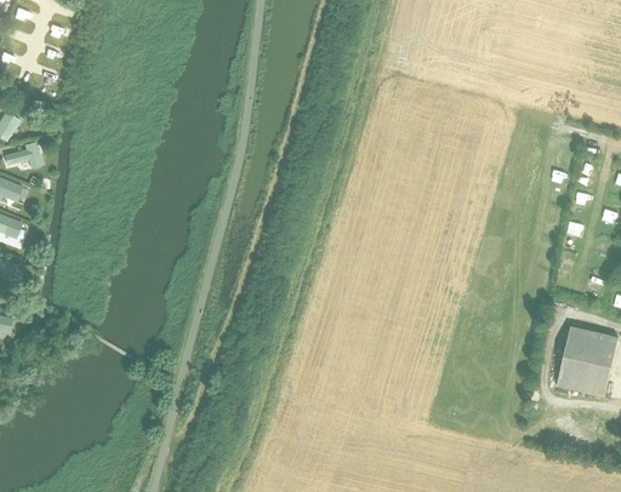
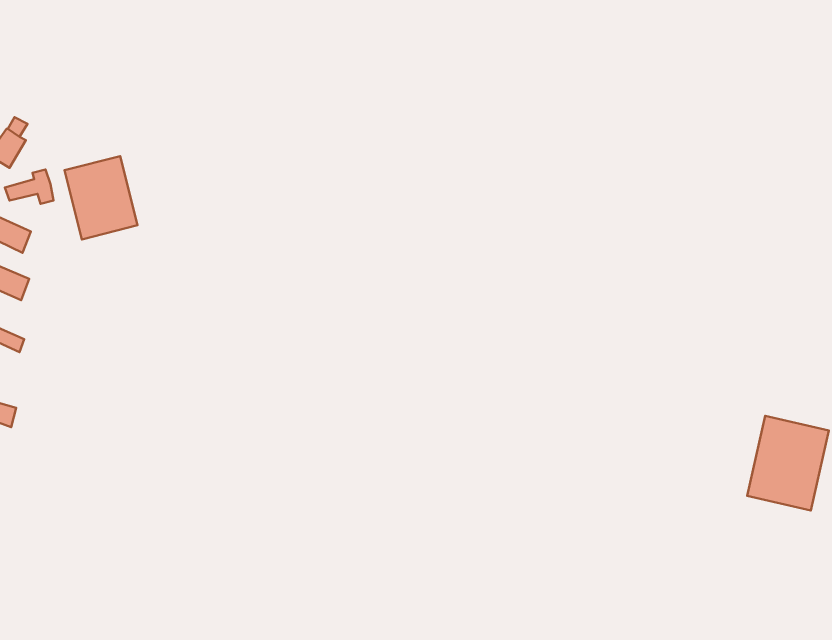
building: none -> [65,156,138,240]

